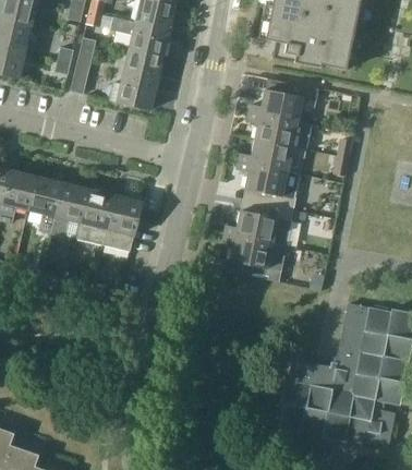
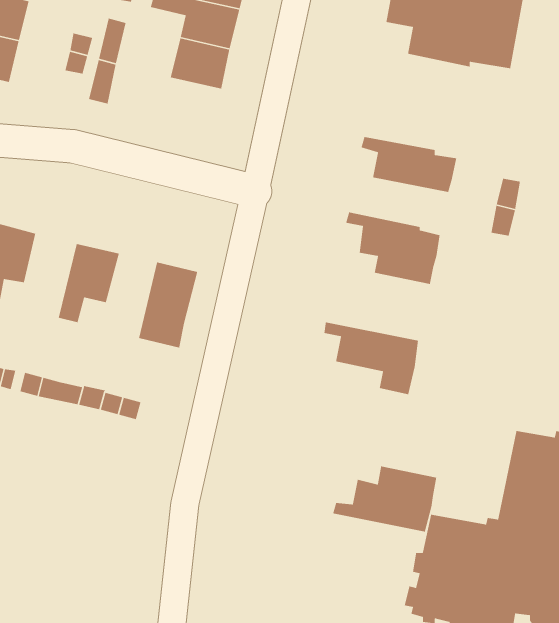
building: [109,74,157,109] -> none
building: [250,81,318,121] -> none
building: [240,140,305,171] -> none
building: [28,176,62,231] -> none
building: [78,189,114,244] -> none
building: [225,202,293,245] -> [332,465,437,532]

